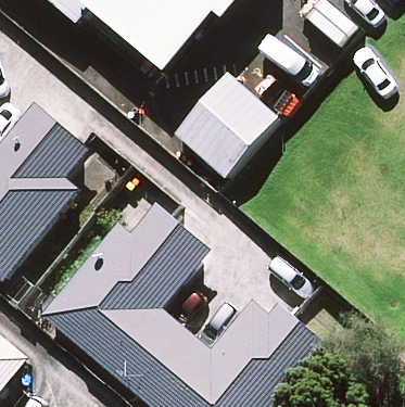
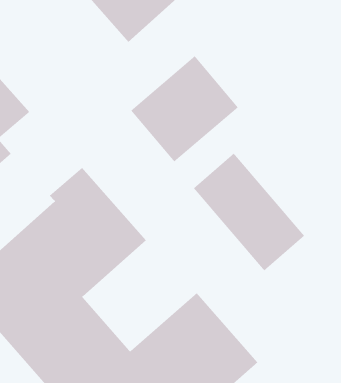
building: none -> [193,152,305,271]

